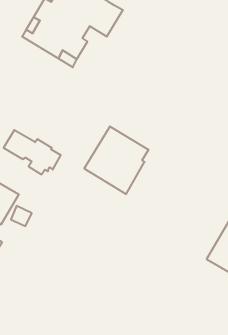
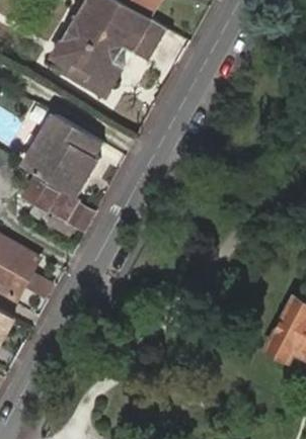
building: [84,126,149,194] -> [22,113,103,198]

